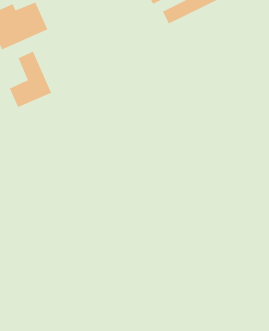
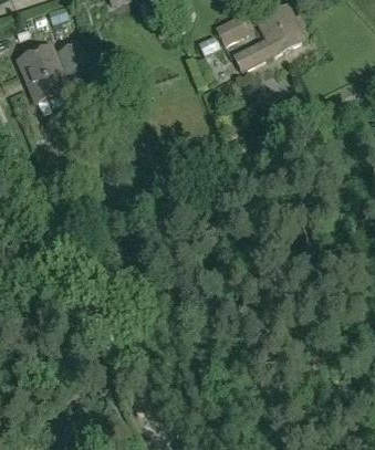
building: [9,51,52,108] -> none

